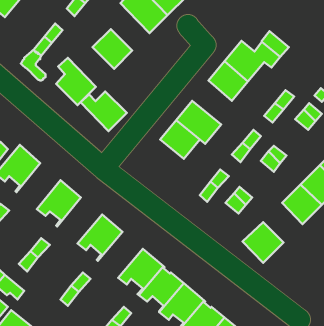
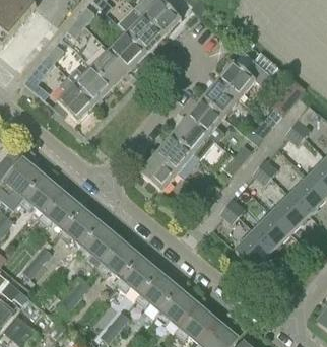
building: none -> [110,30,146,68]
building: none -> [187,96,224,140]
building: [81,91,127,131] -> [69,65,113,102]
building: none -> [140,152,179,190]
building: none -> [20,175,62,218]
building: none -> [59,207,102,251]
building: none -> [254,212,291,250]
building: none -> [97,239,140,283]

